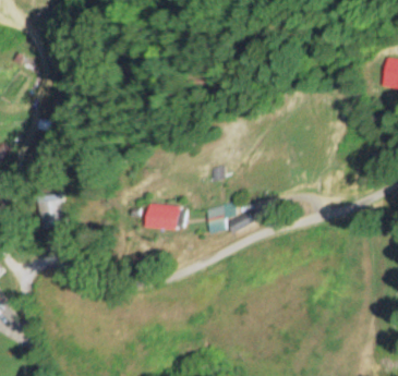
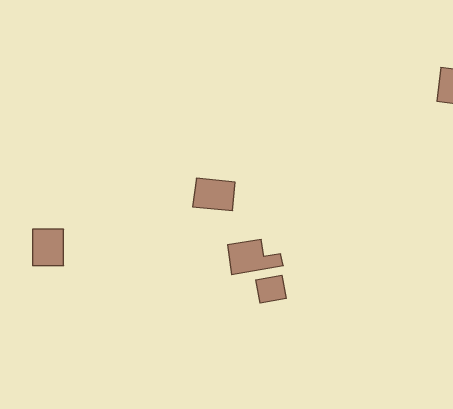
building: [142,204,178,231] -> [193,178,235,211]
building: none -> [256,275,286,303]

